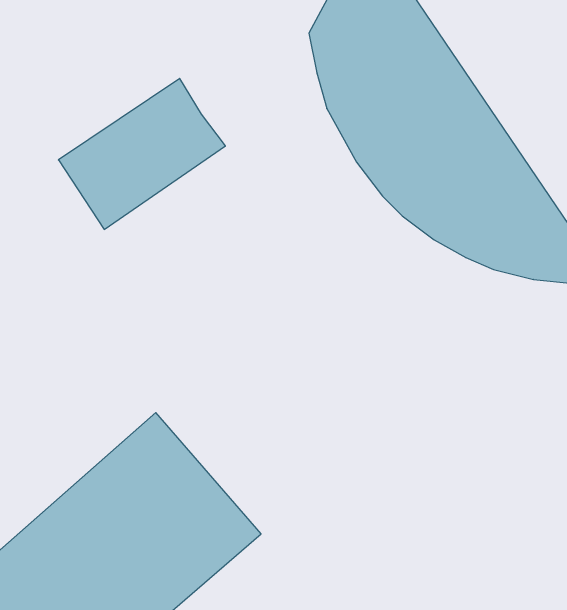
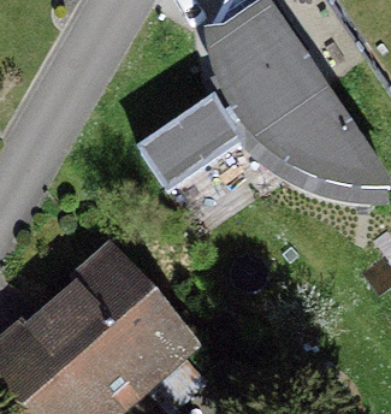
building: [58,78,225,229] -> [143,95,244,187]

